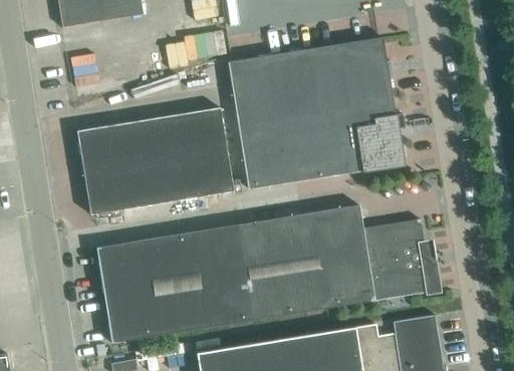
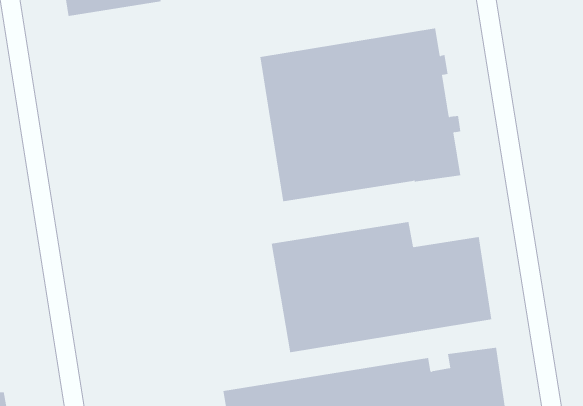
building: [77,107,234,215] -> none
building: [96,225,255,343] -> none

